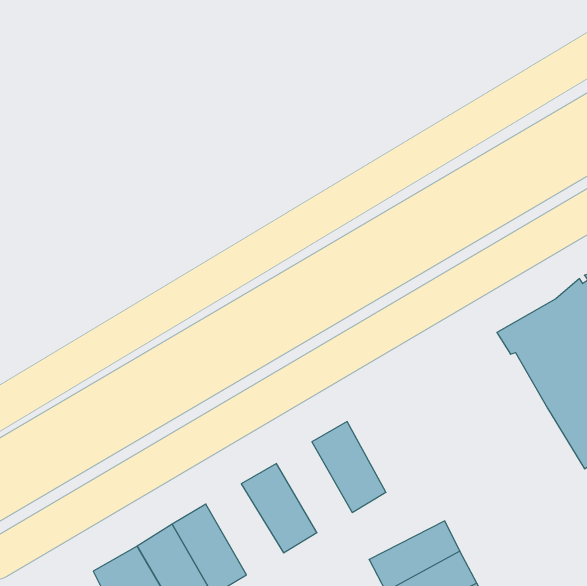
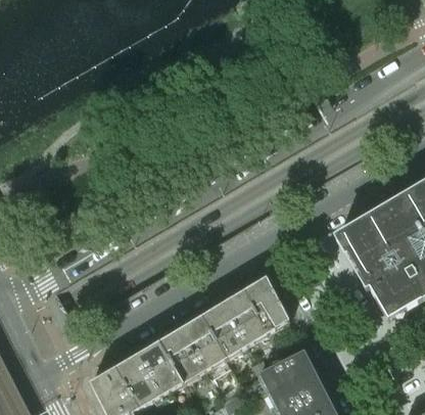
building: none -> [244,276,289,332]
building: none -> [201,302,247,357]
building: none -> [158,327,205,382]

